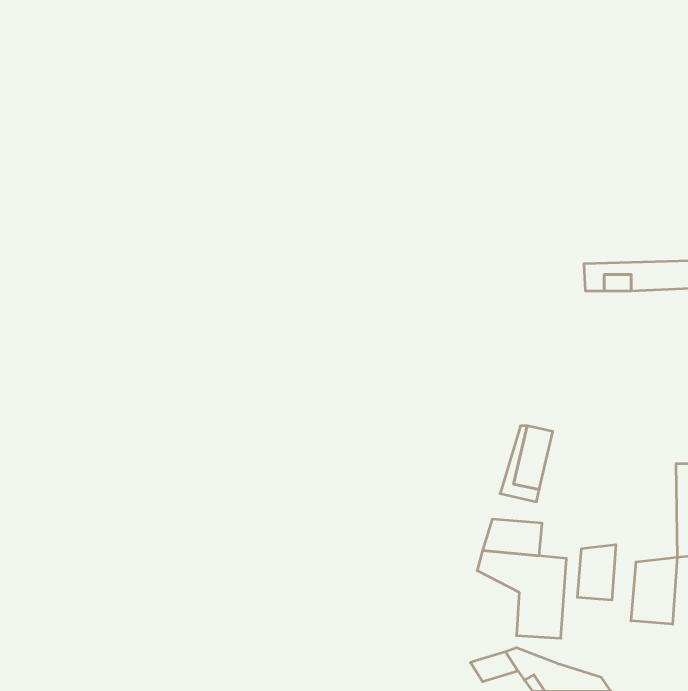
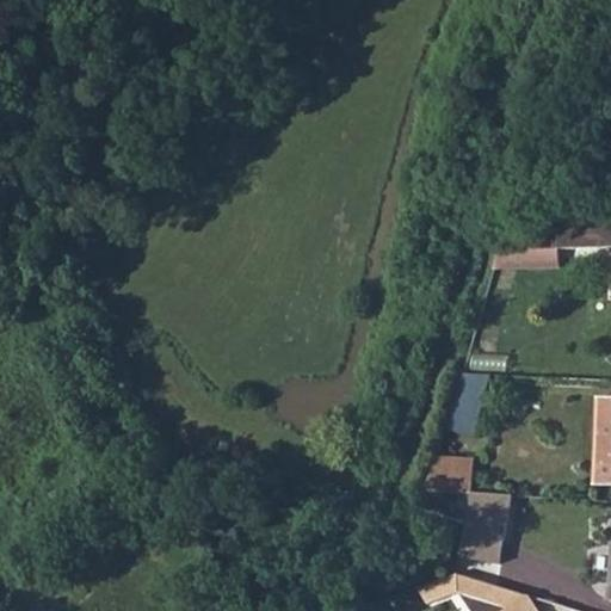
building: [577,545,616,600] -> none
building: [631,557,677,624] -> none

